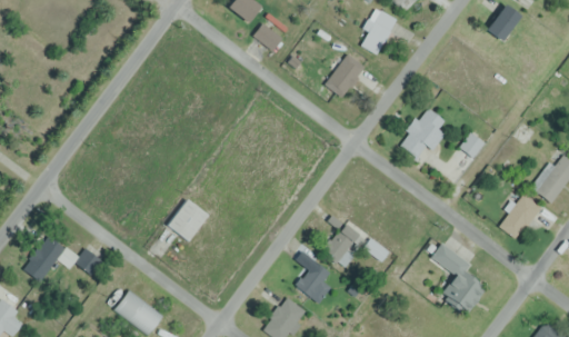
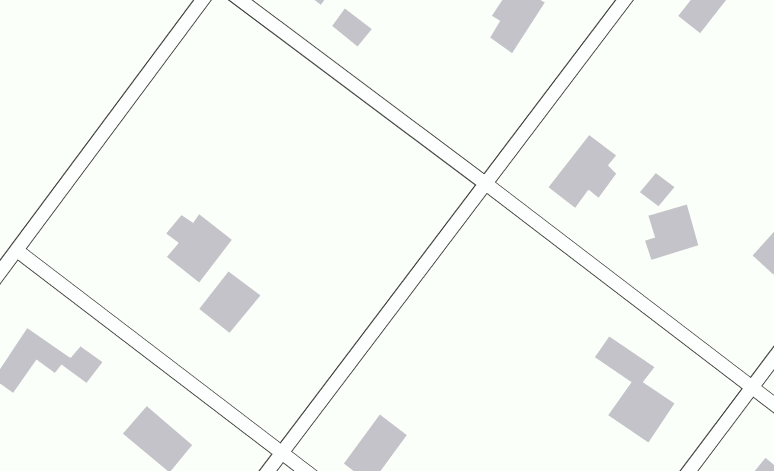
building: [326,53,367,93] -> none
building: none -> [165,213,233,283]
building: [503,195,540,232] -> [644,204,699,261]
building: [320,220,366,266] -> none
building: [297,260,332,296] -> none

